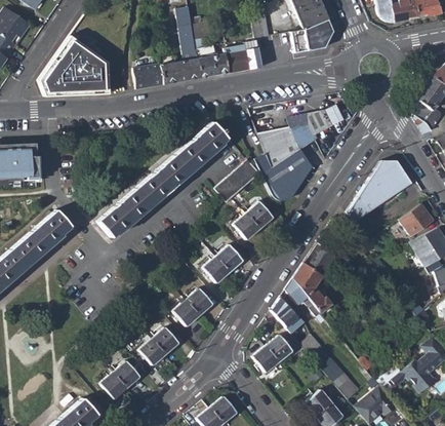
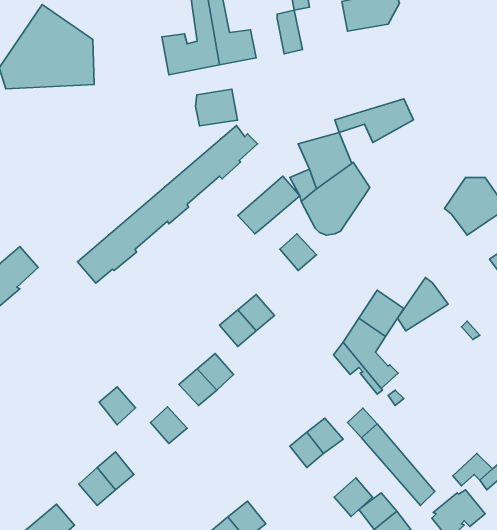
building: [224,44,249,73] -> none
building: [134,63,165,89] -> [195,89,238,126]
building: [289,121,316,150] -> none
building: [346,183,382,222] -> [397,277,448,331]
building: [233,212,259,240] -> none
building: [271,296,304,334] -> none
building: [138,339,165,366] -> [99,387,136,425]
building: none -> [334,478,373,516]

